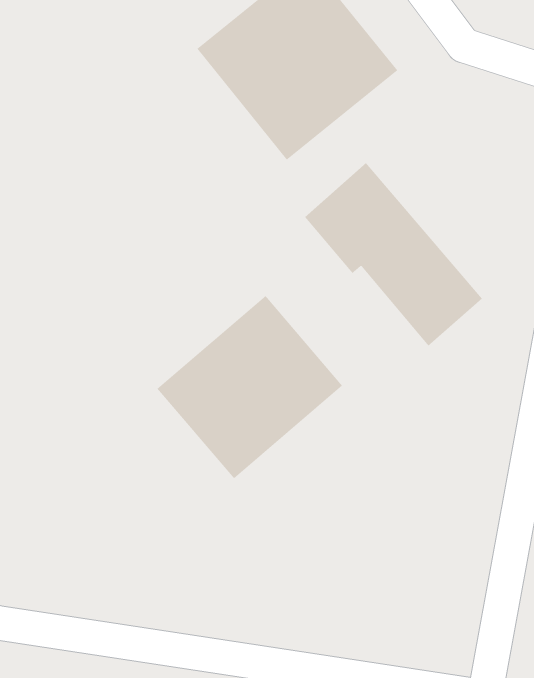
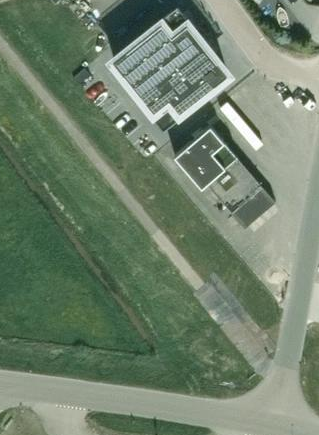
building: [157,295,343,479] -> none

